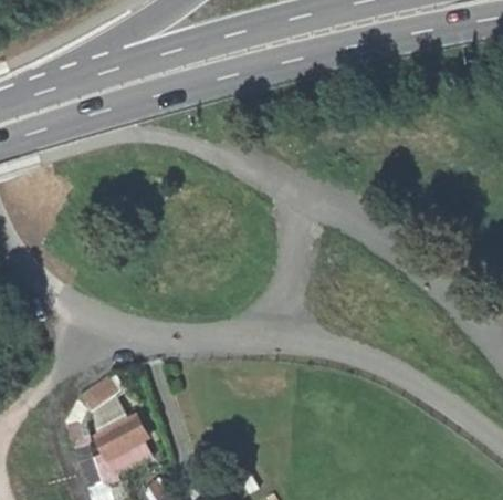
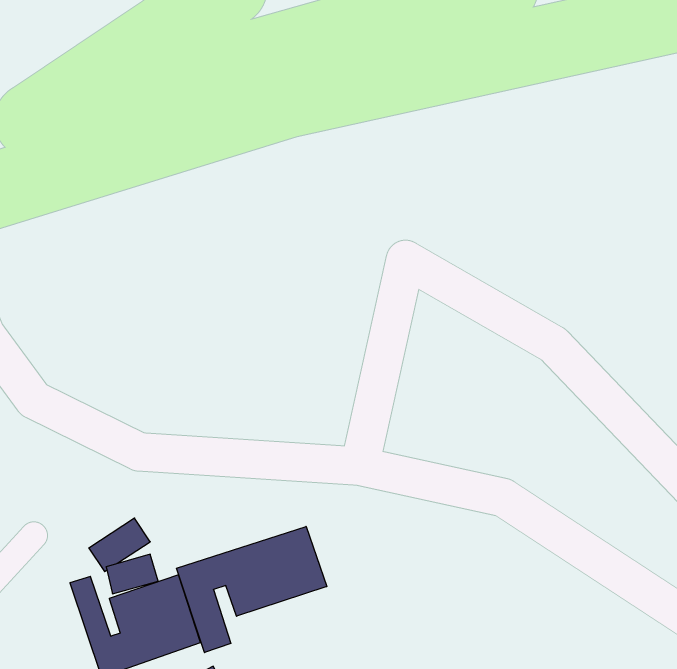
building: none -> [176,526,327,653]

